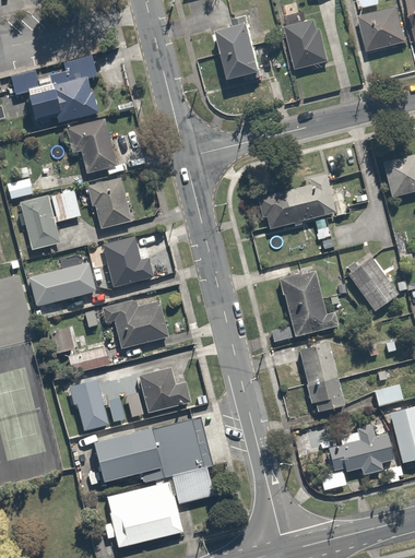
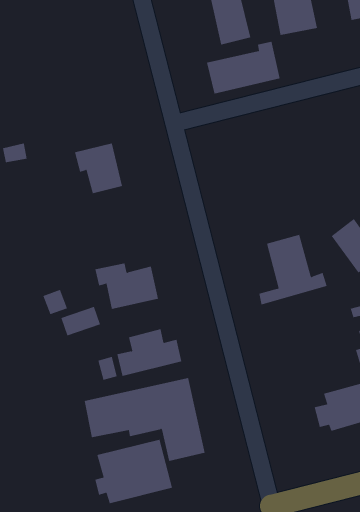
building: [12,57,98,127] -> none
building: [64,123,112,174] -> none
building: [259,174,335,228] -> [206,41,281,94]
building: [21,189,82,251] -> none
building: [103,238,156,286] -> none
building: [29,253,97,306] -> none
building: [297,342,345,412] -> none
building: [69,379,107,432] -> none

